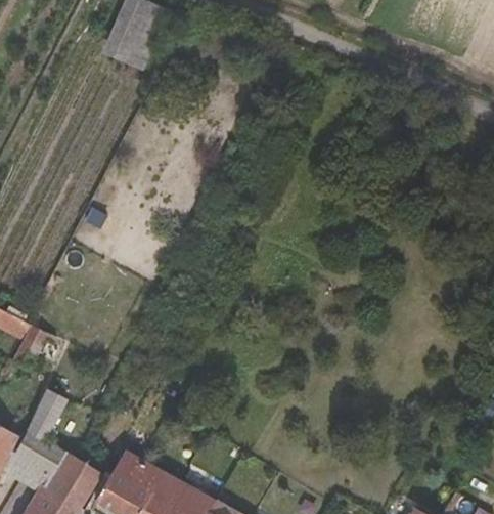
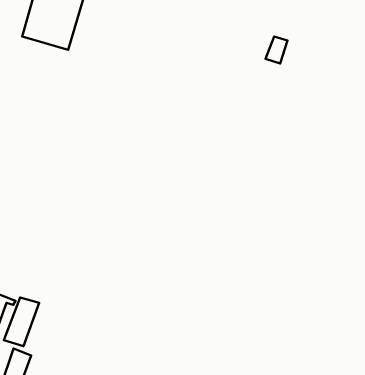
building: none -> [4,297,39,346]

